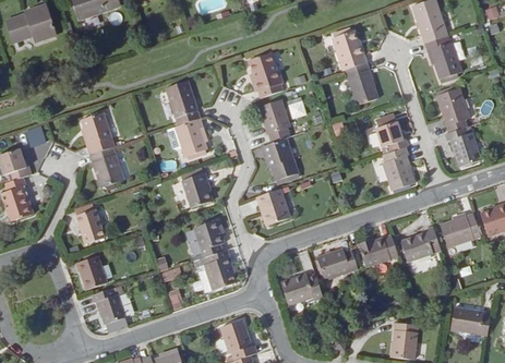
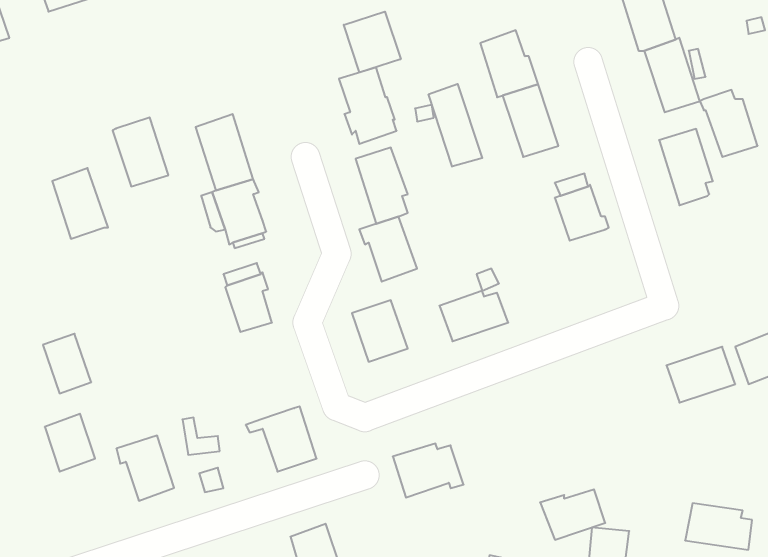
building: none -> [344,12,401,72]
building: none -> [429,84,482,167]
building: [446,128,480,167] -> [700,90,758,157]
building: [89,146,122,186] -> [113,117,168,186]
building: [382,147,413,190] -> none
building: [193,221,224,258] -> none
building: [400,227,440,261] -> none
building: [358,235,396,265] -> [540,489,605,540]
building: [316,249,357,278] -> [439,291,508,341]
building: [91,288,124,326] -> [116,436,174,501]

